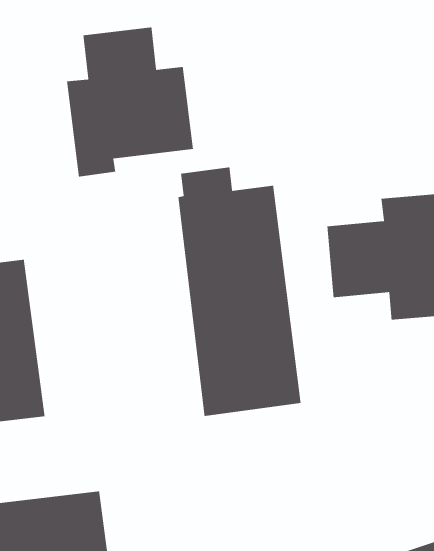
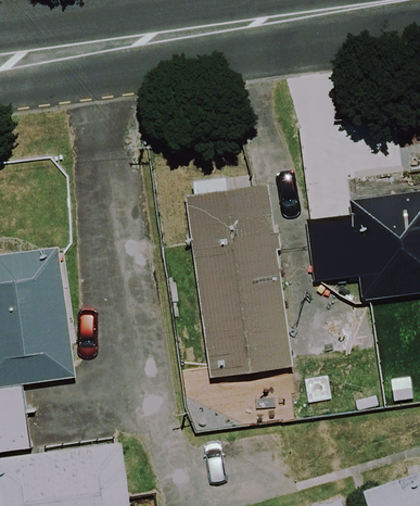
building: [66,26,194,178] -> none

